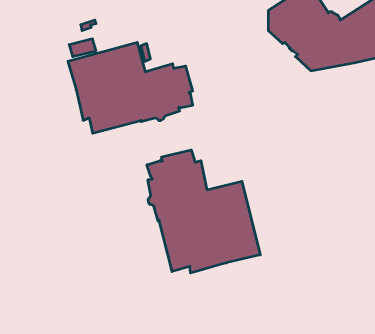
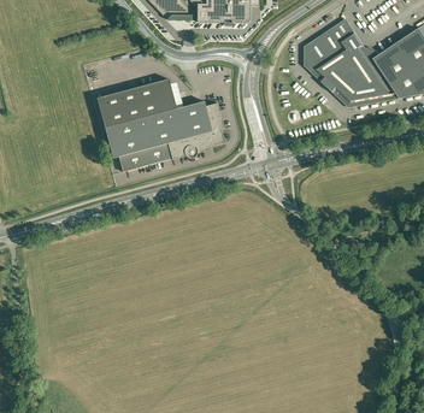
building: [147,150,260,273] -> none

